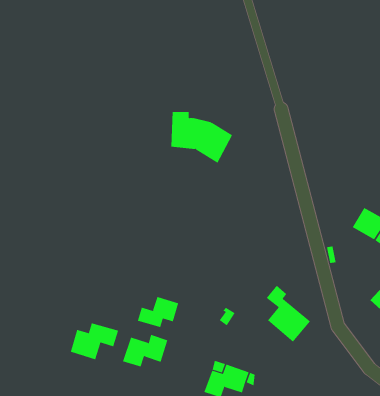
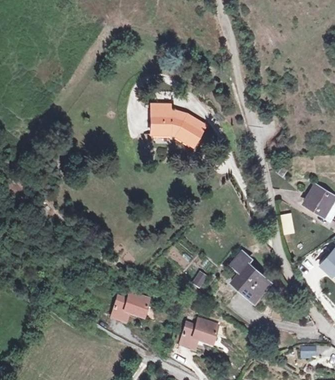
building: [137,296,179,328] -> none
building: [70,322,119,360] -> none

